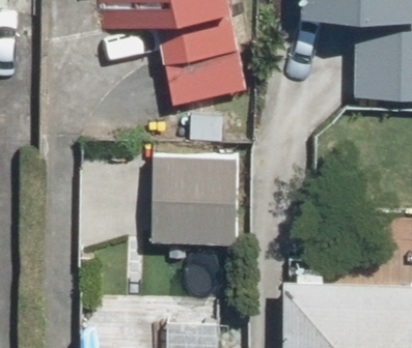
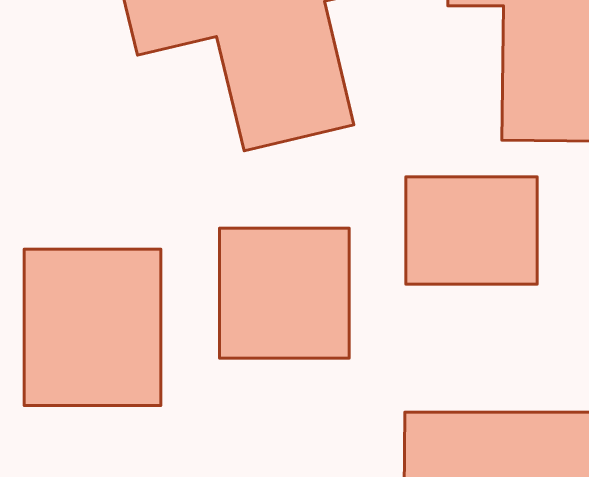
building: none -> [406,177,537,284]
building: none -> [24,249,161,405]

